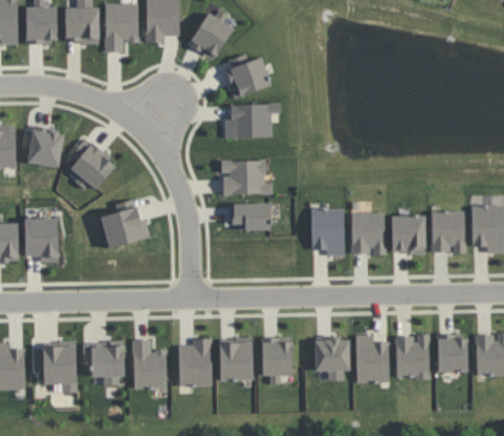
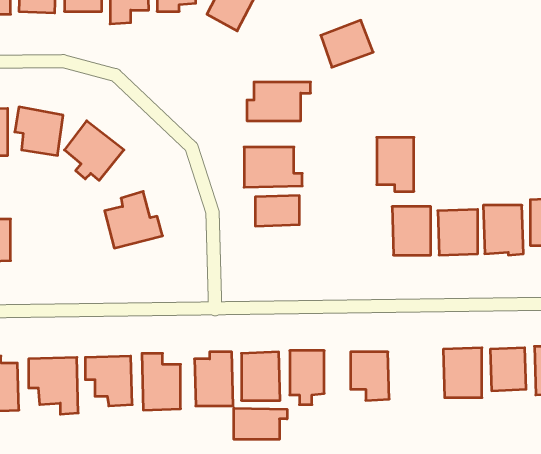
building: [225,57,271,98] -> [321,20,373,67]
building: [311,208,344,255] -> [377,137,414,191]
building: [24,218,58,261] -> none
building: [356,335,389,383] -> none
building: none -> [234,408,287,439]

